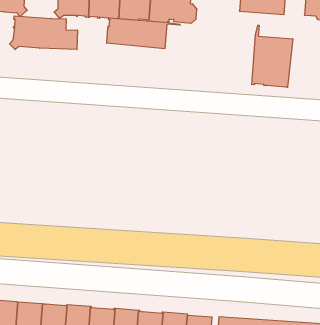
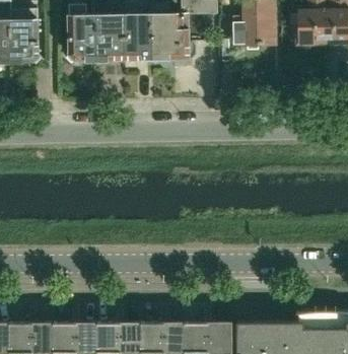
building: [10,16,78,50] -> none
building: [107,18,180,49] -> none
building: [252,25,293,87] -> none

